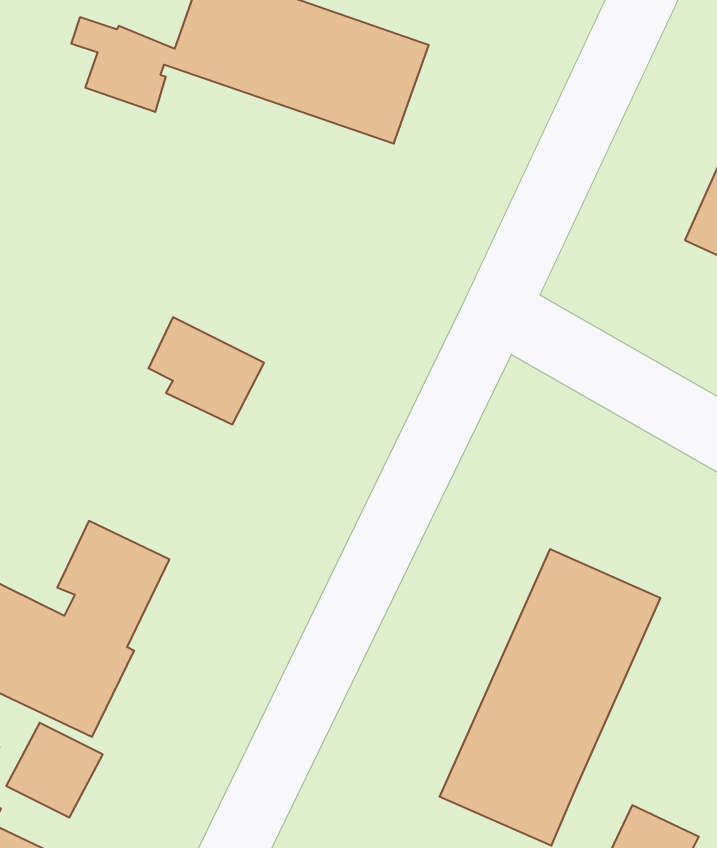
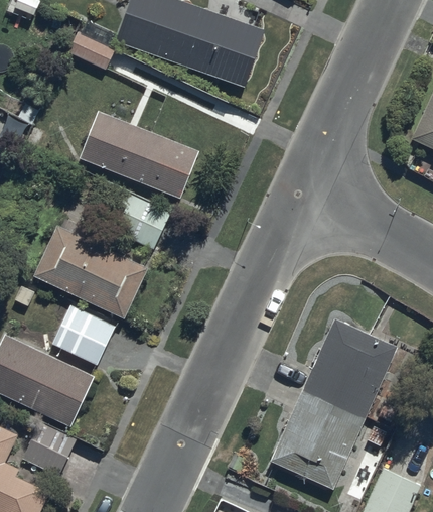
building: none -> [80,108,199,201]
building: none -> [32,216,147,318]

